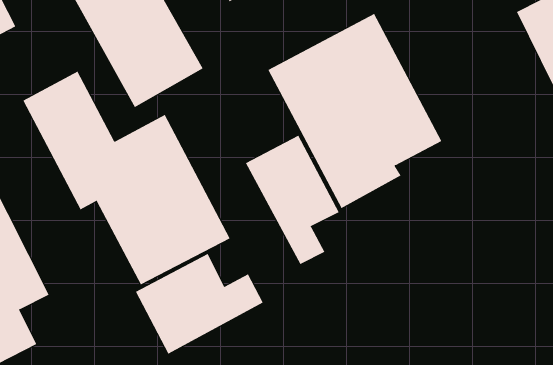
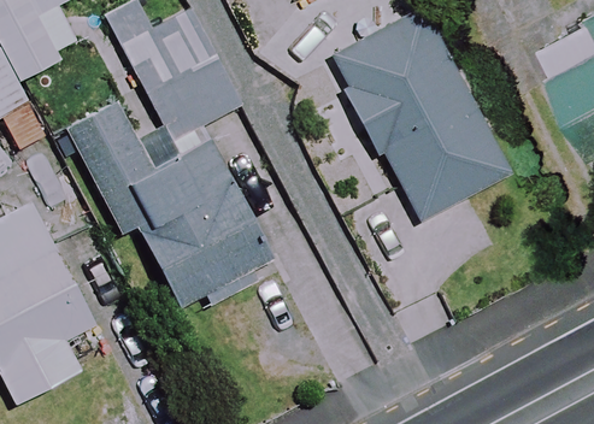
building: [245,135,340,265] -> none
building: [135,253,263,354] -> none

